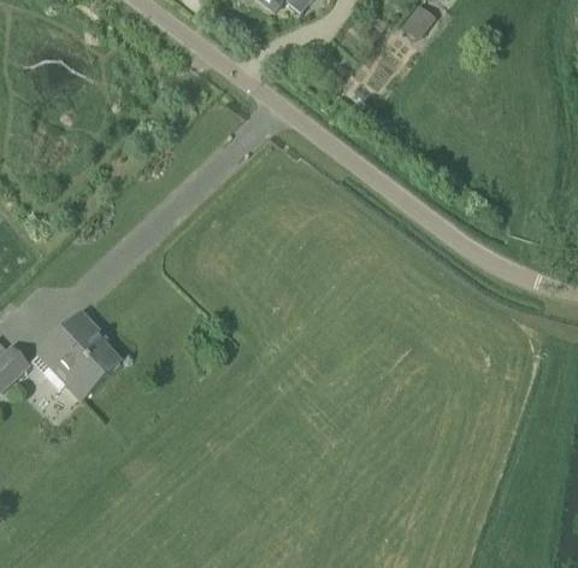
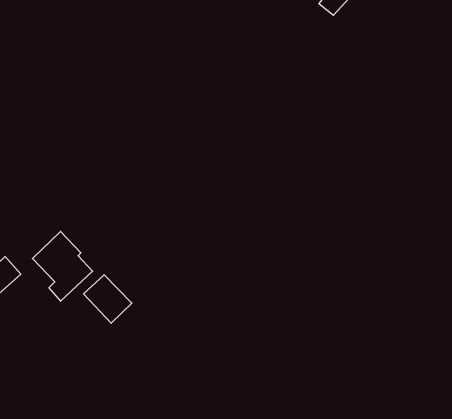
building: none -> [84,275,132,323]

